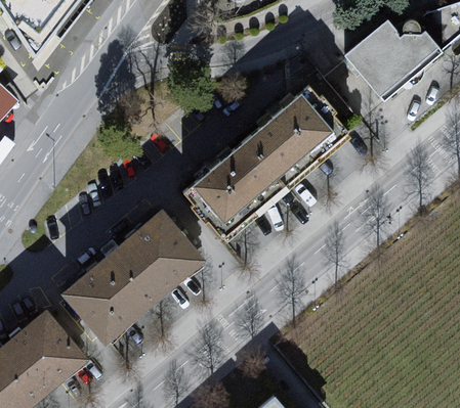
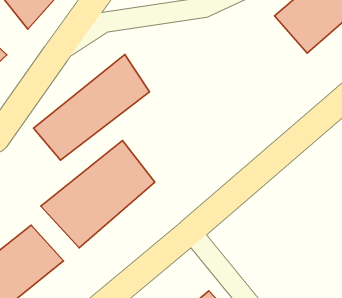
building: [187,83,354,244] -> none
building: none -> [34,55,150,160]

